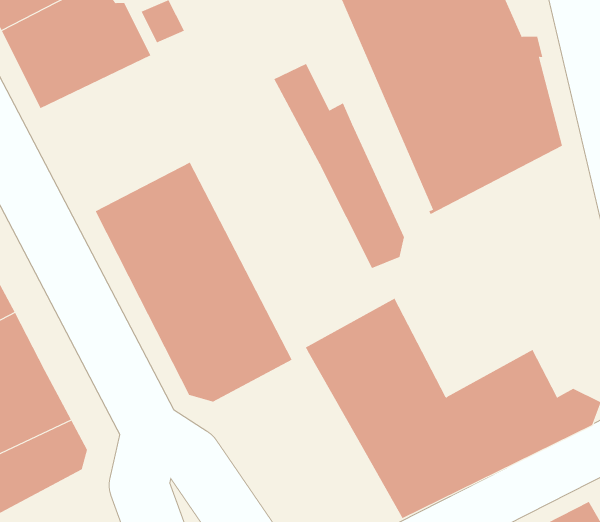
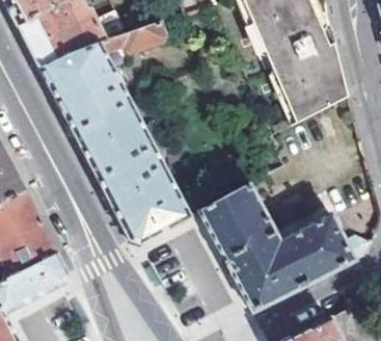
building: none -> [42,21,167,131]
building: [274,63,404,269] -> none

